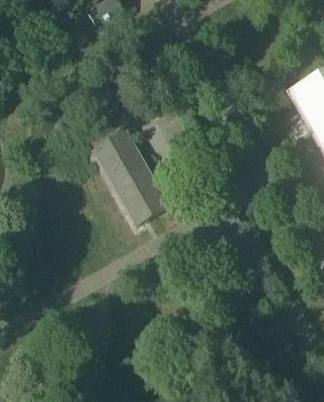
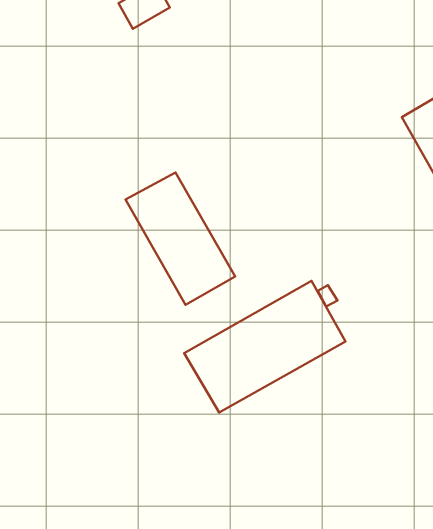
building: none -> [184,281,346,412]

